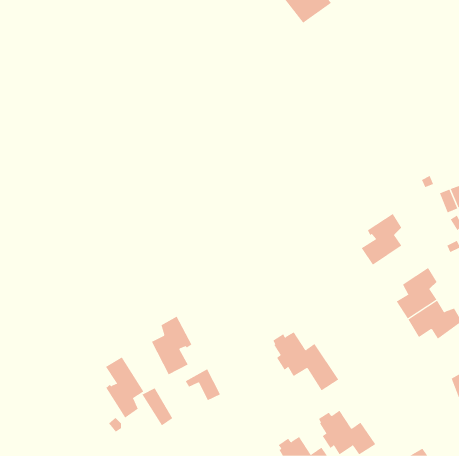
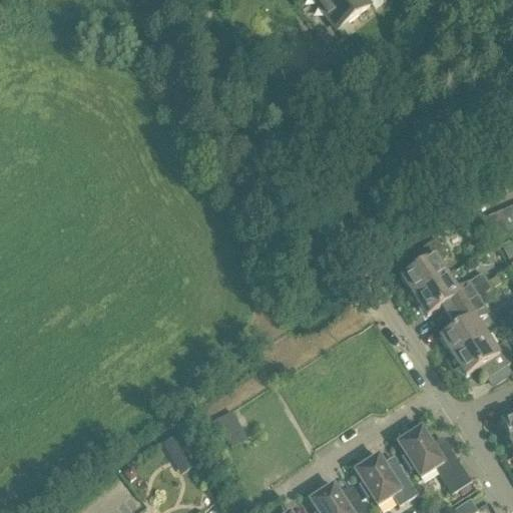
building: none -> [416,272,492,316]
building: [151,316,192,375] -> none
building: [273,332,339,391] -> [399,427,473,493]
building: [105,356,144,418] -> none

